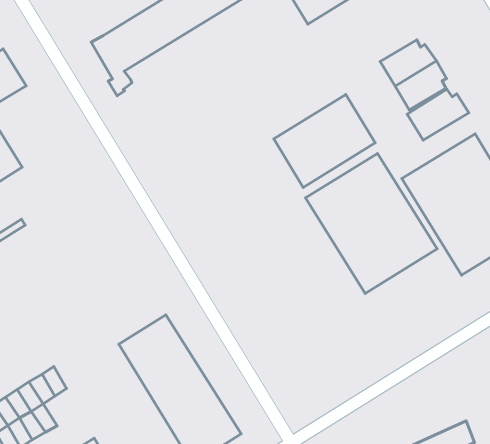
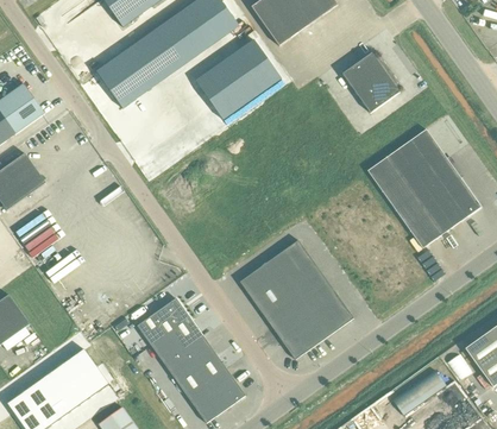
building: [407,89,469,140] -> none
building: [274,94,375,187] -> [195,39,281,120]
building: [305,153,437,293] -> [239,240,353,359]
building: none -> [76,366,108,398]

